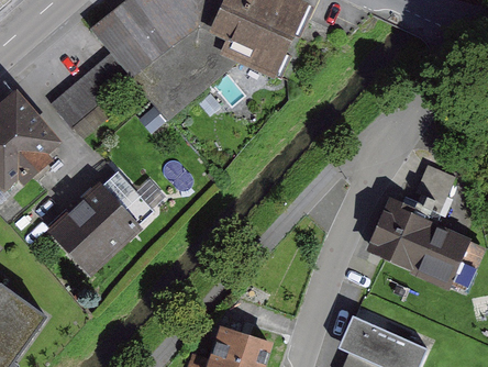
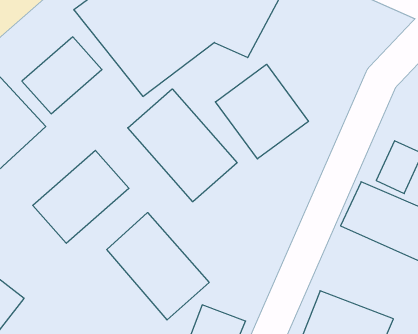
building: none -> [215,64,308,159]
building: none -> [128,89,237,202]
building: none -> [107,213,209,320]

